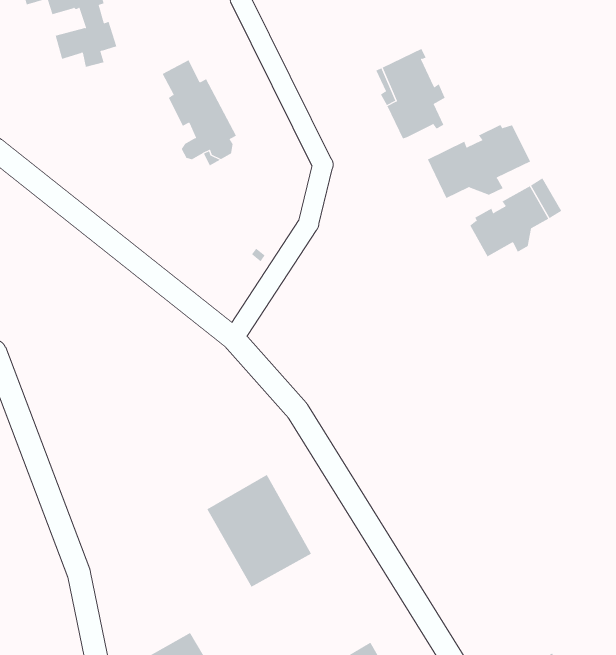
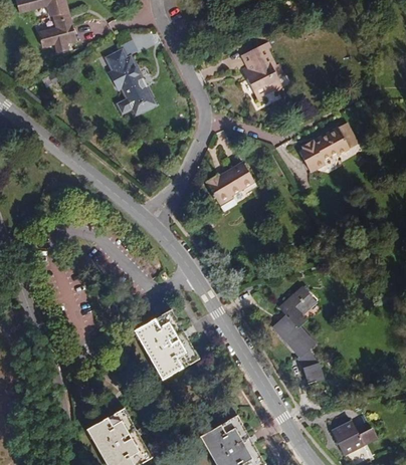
building: [427,124,531,199] -> none
building: none -> [204,162,254,206]
building: none -> [273,287,323,381]

